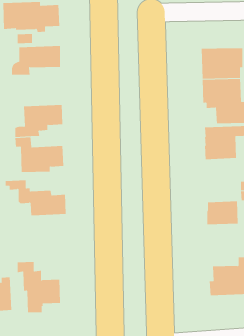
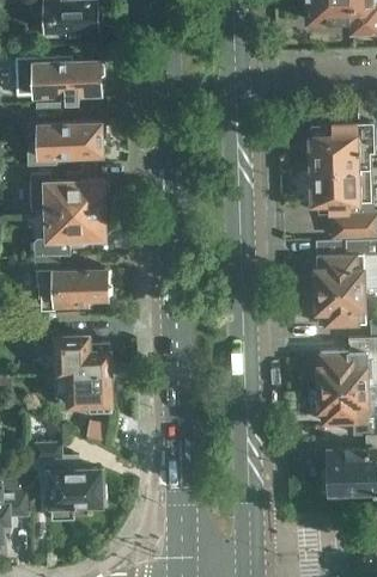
building: none -> [29,172,103,211]
building: none -> [316,289,365,326]
building: none -> [59,373,110,413]
building: none -> [318,387,369,423]

